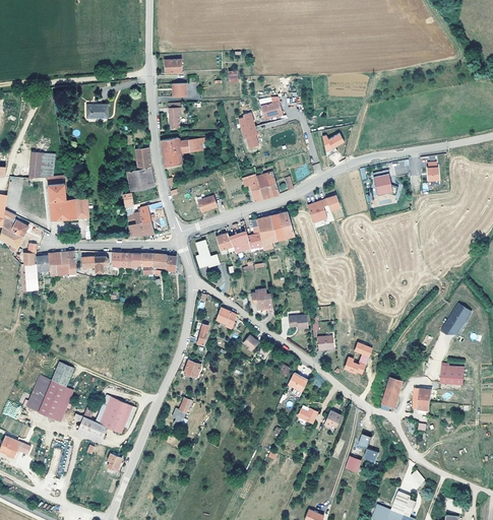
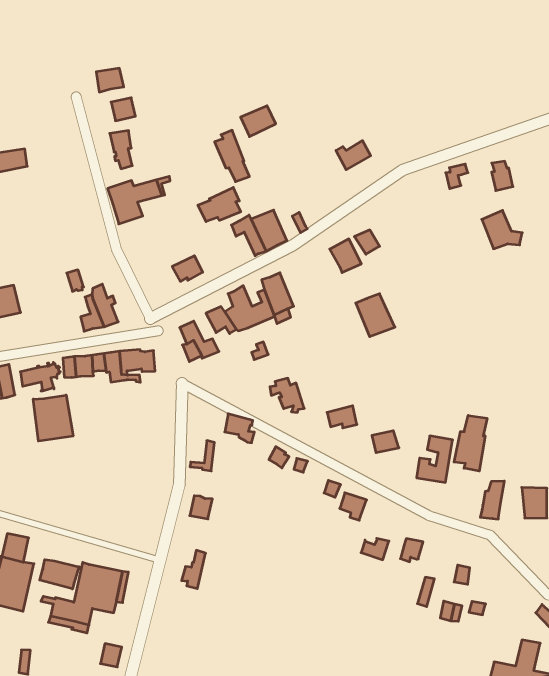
building: [126,147,153,191] -> none
building: none -> [198,187,241,222]
building: [371,169,397,194] -> [482,210,522,249]
building: [269,211,294,240] -> [356,294,395,337]
building: none -> [33,395,73,441]
building: none -> [454,415,487,471]
building: none -> [40,560,79,589]

